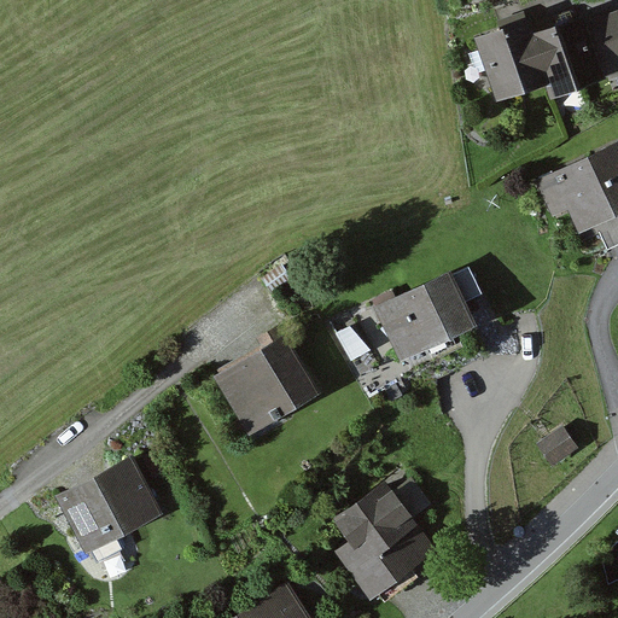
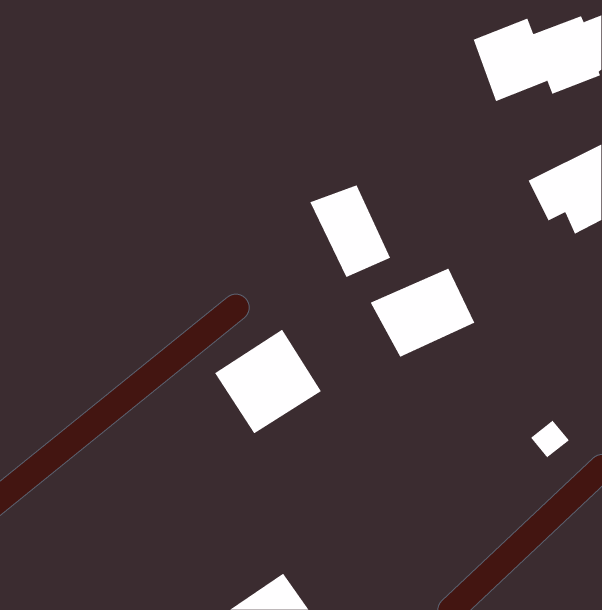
building: none -> [310,185,391,278]
building: [59,455,162,552] -> none
building: [332,480,435,604] -> none

